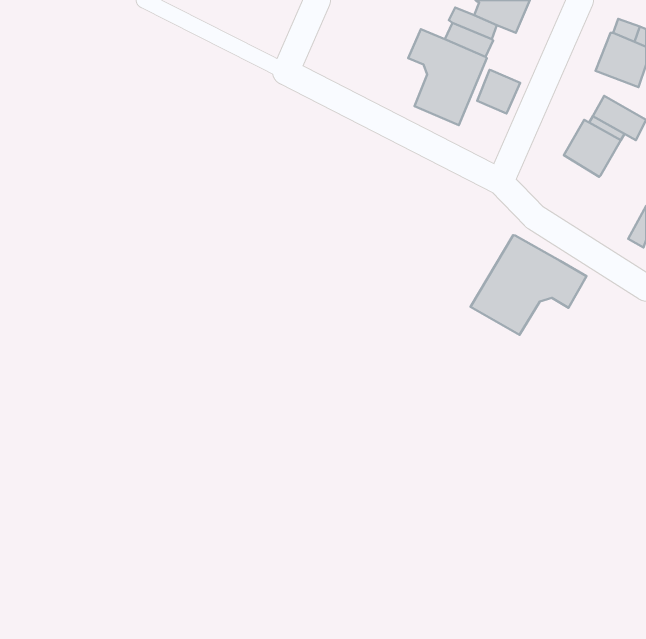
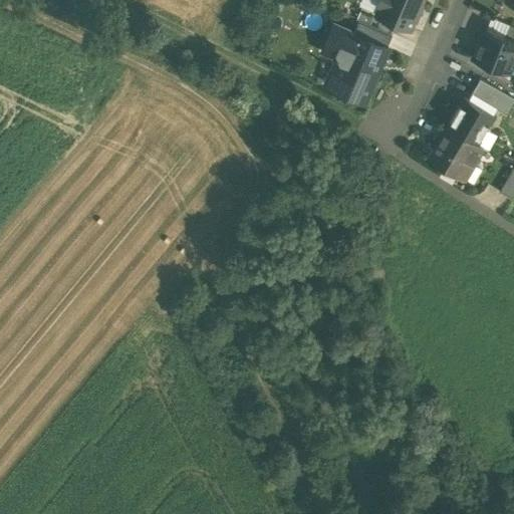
building: [477,70,520,113] -> none
building: none -> [429,128,483,182]
building: [471,235,586,335] -> none

